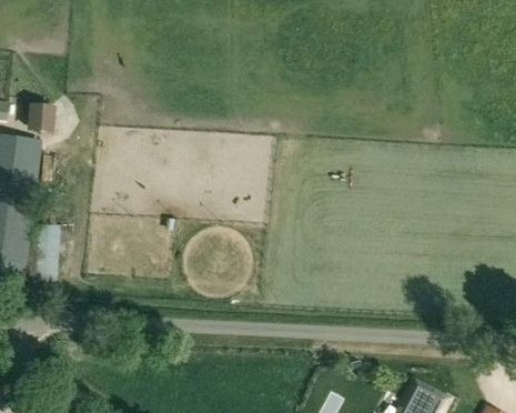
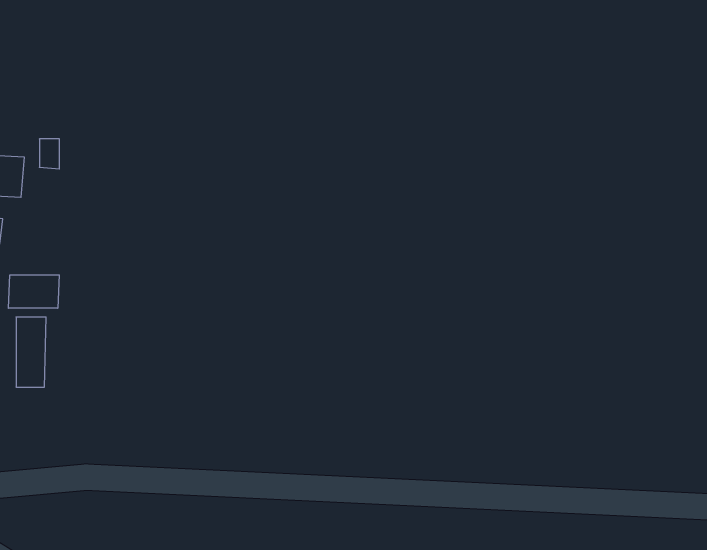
building: none -> [8,275,59,308]

